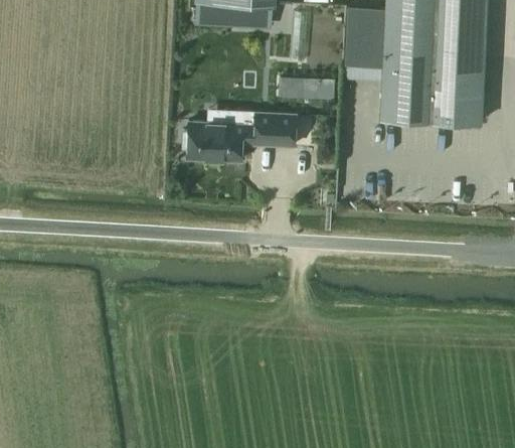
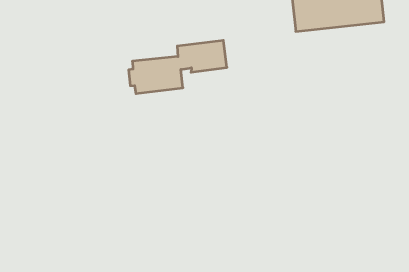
building: [281,78,335,98] -> none

